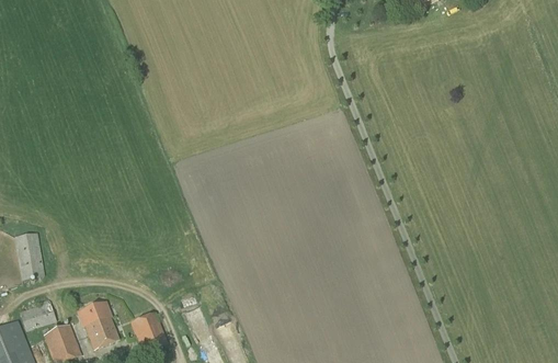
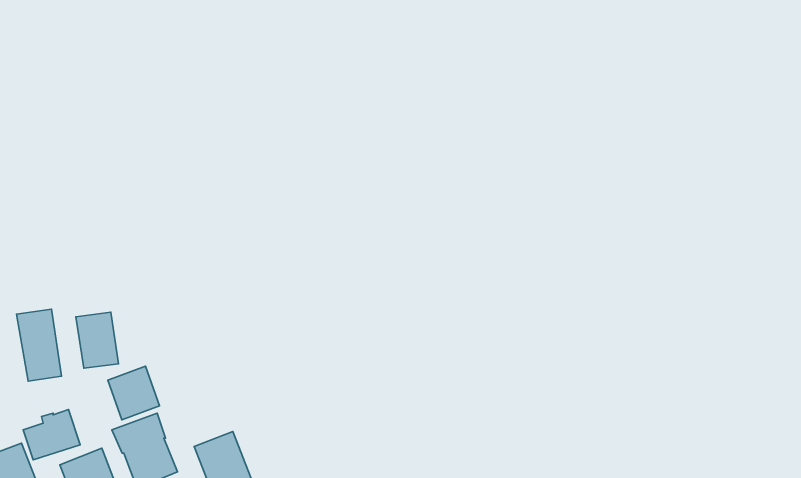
building: none -> [76,312,119,368]
building: none -> [108,366,160,420]

